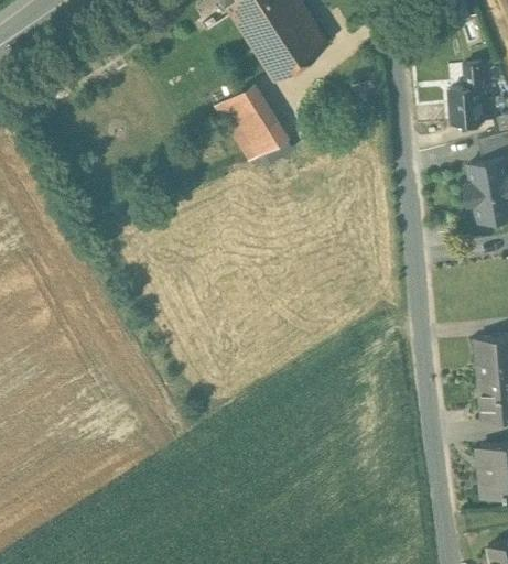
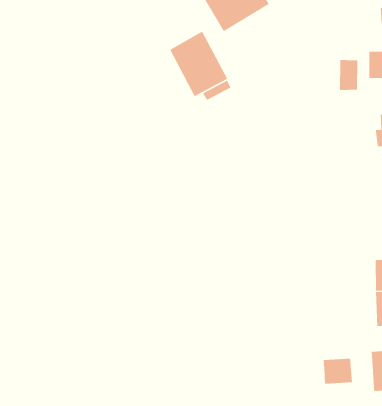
building: none -> [339,59,358,91]
building: none -> [323,358,353,385]

